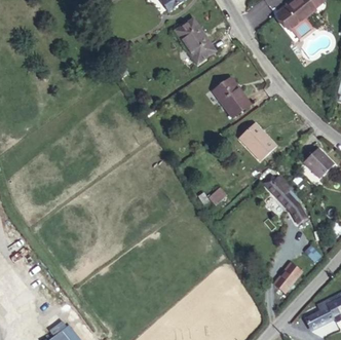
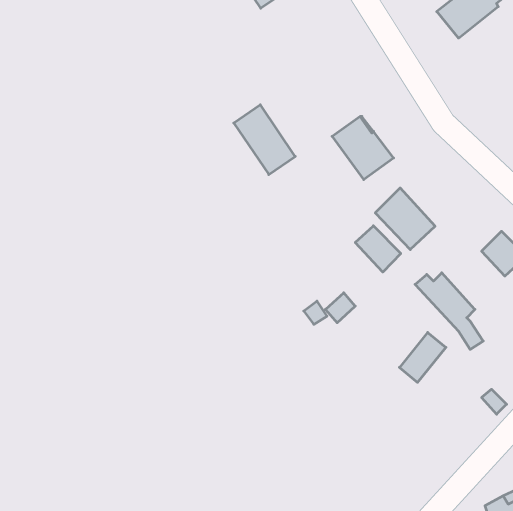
building: [178,20,216,63] -> [234,105,295,175]
building: none -> [355,226,401,272]
building: [274,262,303,293] -> [399,332,446,382]

